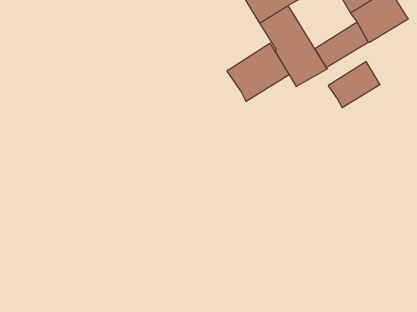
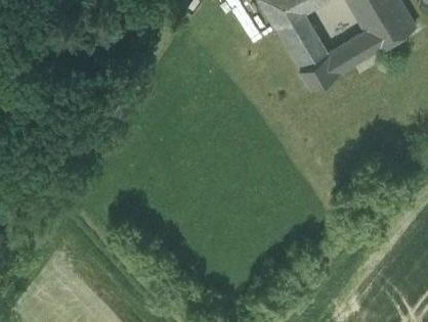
building: [227,43,289,101] -> none
building: [328,62,380,108] -> none

